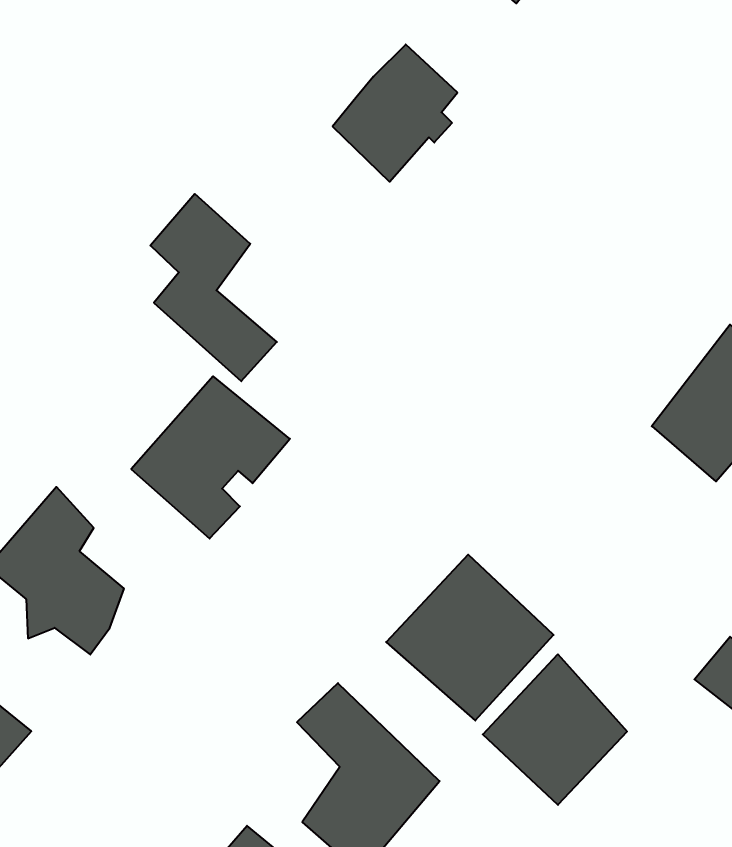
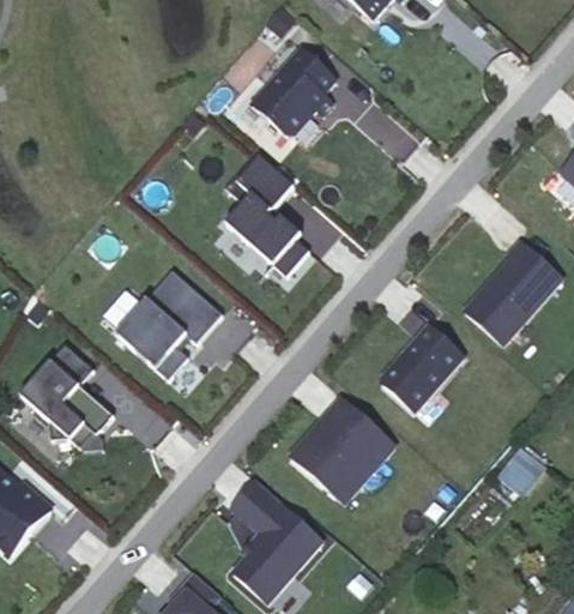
building: [150,194,277,381] -> [224,151,309,277]
building: none -> [377,315,469,414]
building: [483,654,627,805] -> none

